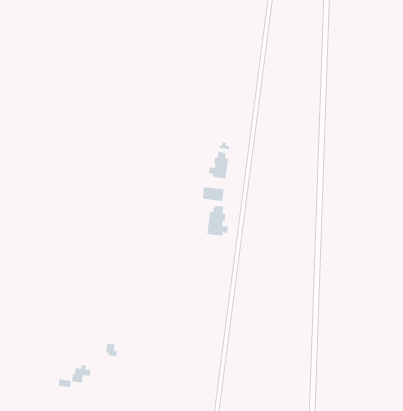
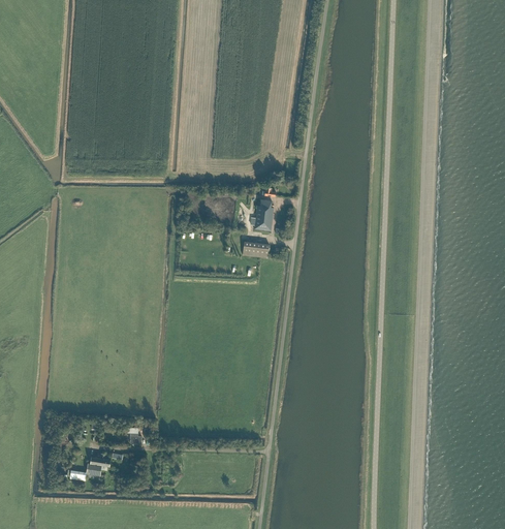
building: [207,205,229,237] -> none

